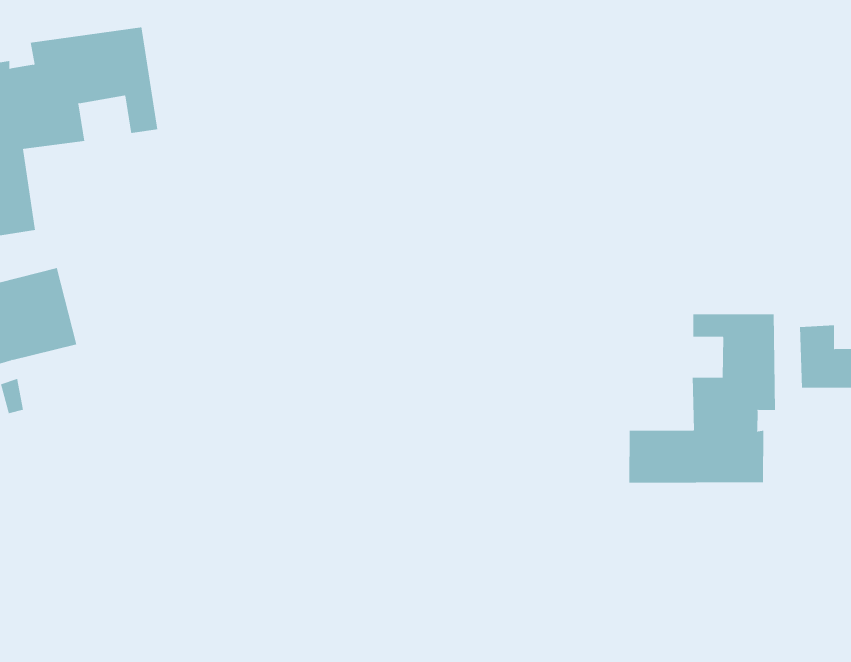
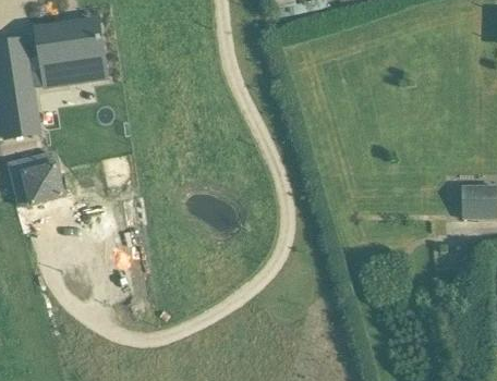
building: [629,314,775,483] -> none

